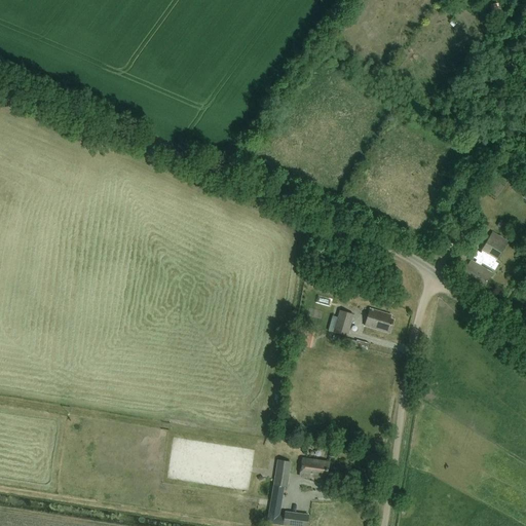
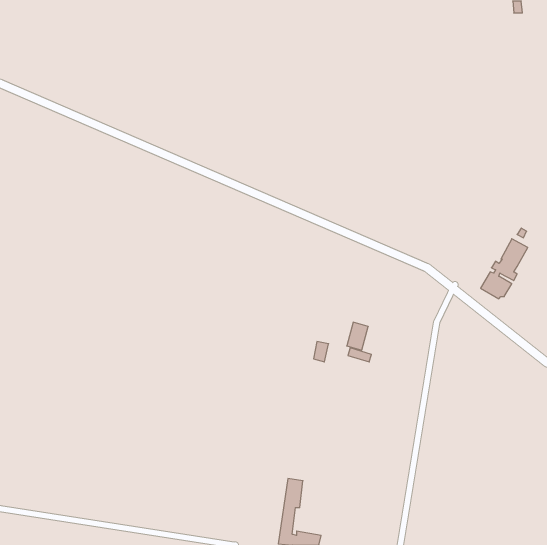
building: [364,308,391,332] -> none
building: [299,456,328,478] -> none

